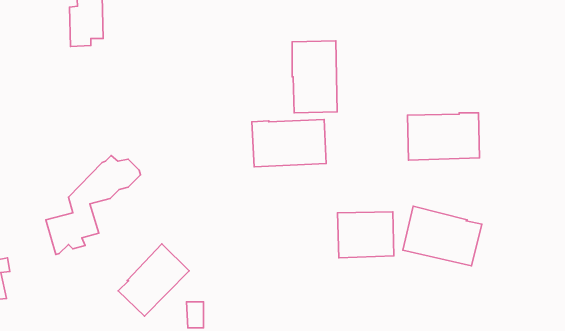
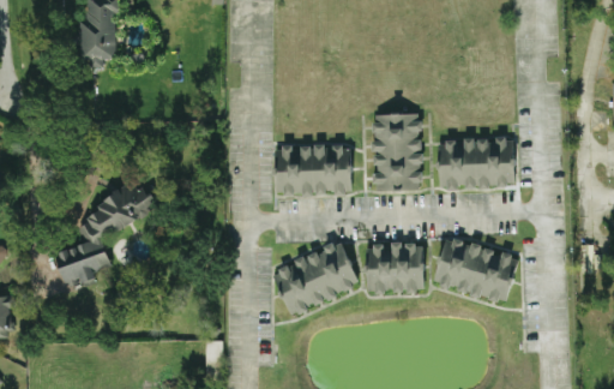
building: [292,41,337,113] -> [372,113,420,190]
building: none -> [270,240,359,315]
building: [118,244,189,316] -> none

